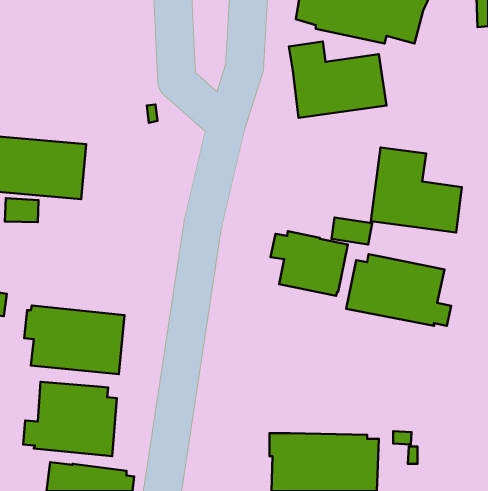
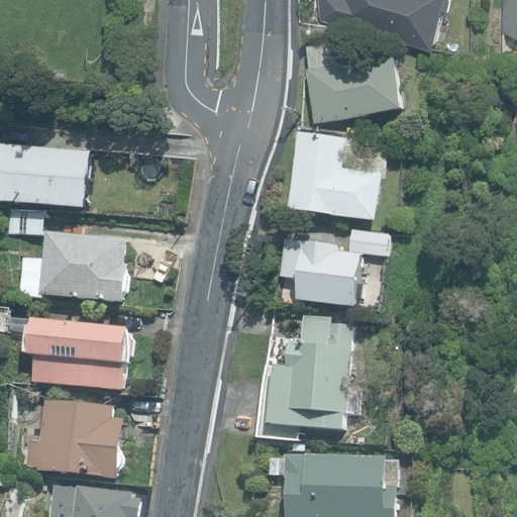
building: [371,148,462,233] -> [286,131,381,220]
building: none -> [17,230,125,300]
building: [346,254,451,326] -> none
building: none -> [258,313,358,439]

